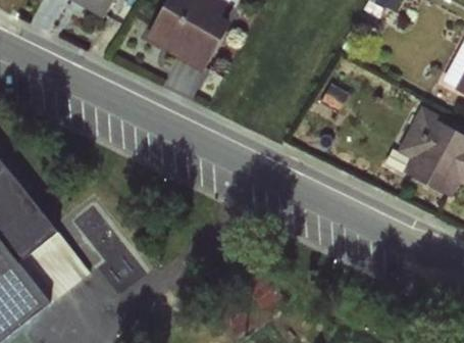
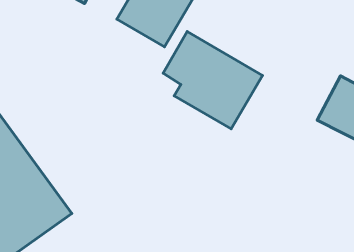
building: none -> [163,32,263,129]

